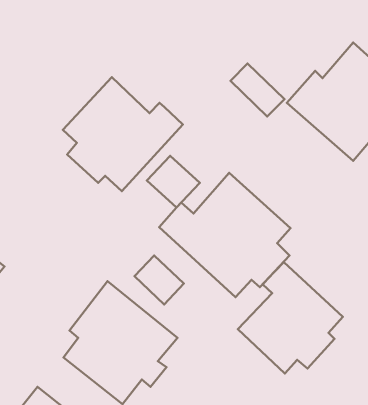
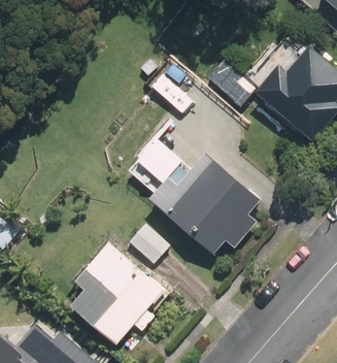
building: [63,77,183,191] -> none
building: [238,262,343,373] -> none

